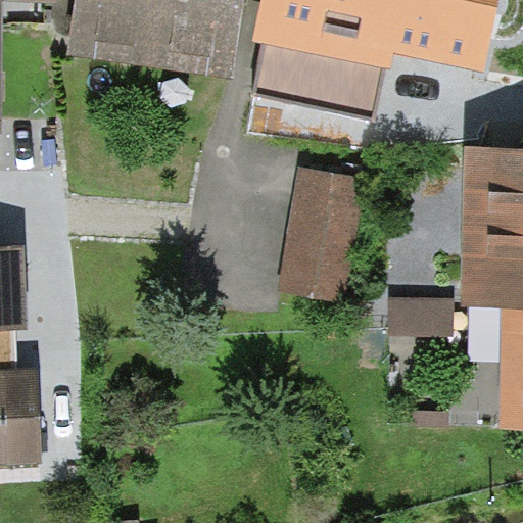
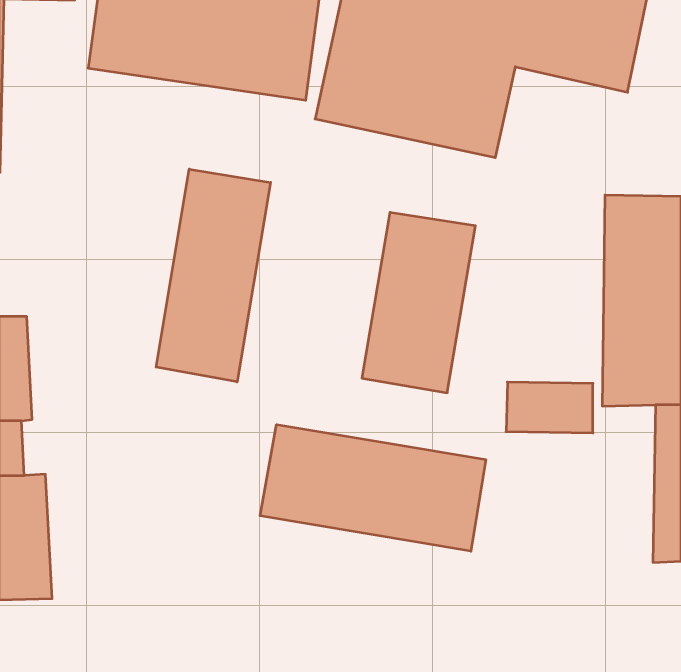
building: none -> [156,169,271,382]
building: none -> [260,425,486,551]

